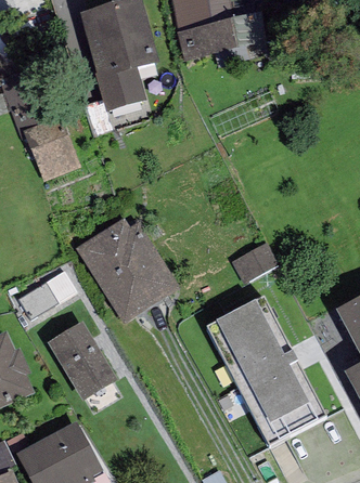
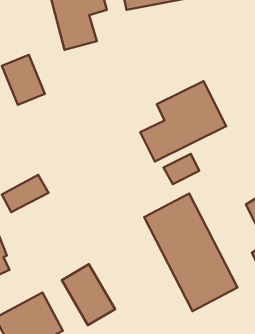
building: none -> [140,81,226,162]
building: [75,218,179,324] -> none
building: [47,322,115,400] -> [62,264,115,325]

